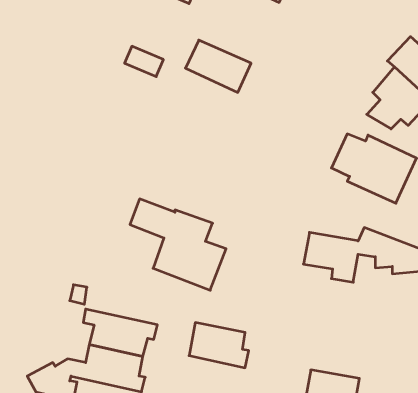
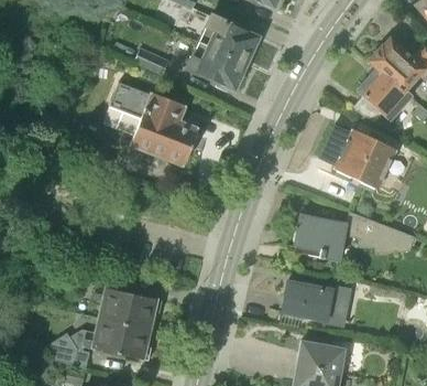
building: none -> [200,15,259,63]
building: [130,199,226,290] -> [111,83,198,165]
building: [189,323,249,368] -> [282,281,336,322]

